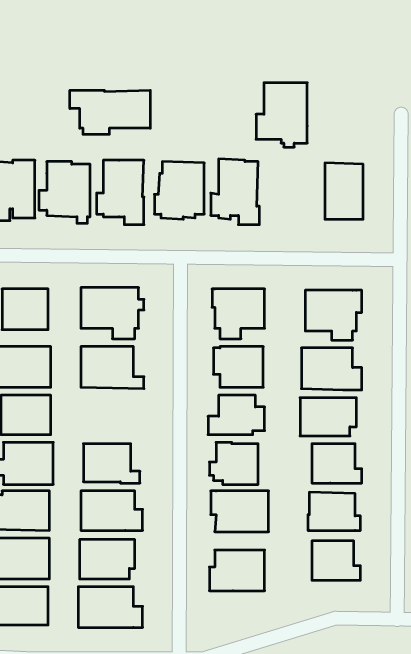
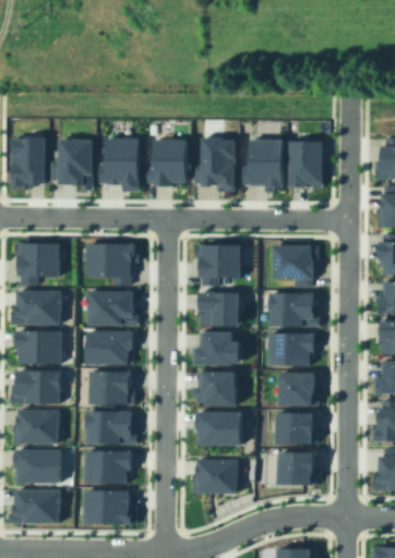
building: [256,83,307,147] -> [241,138,284,192]
building: [70,90,150,134] -> none
building: none -> [84,332,133,365]

